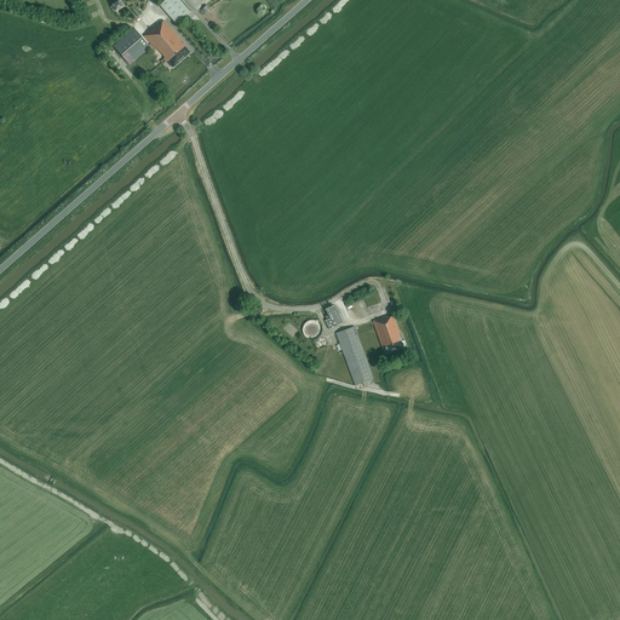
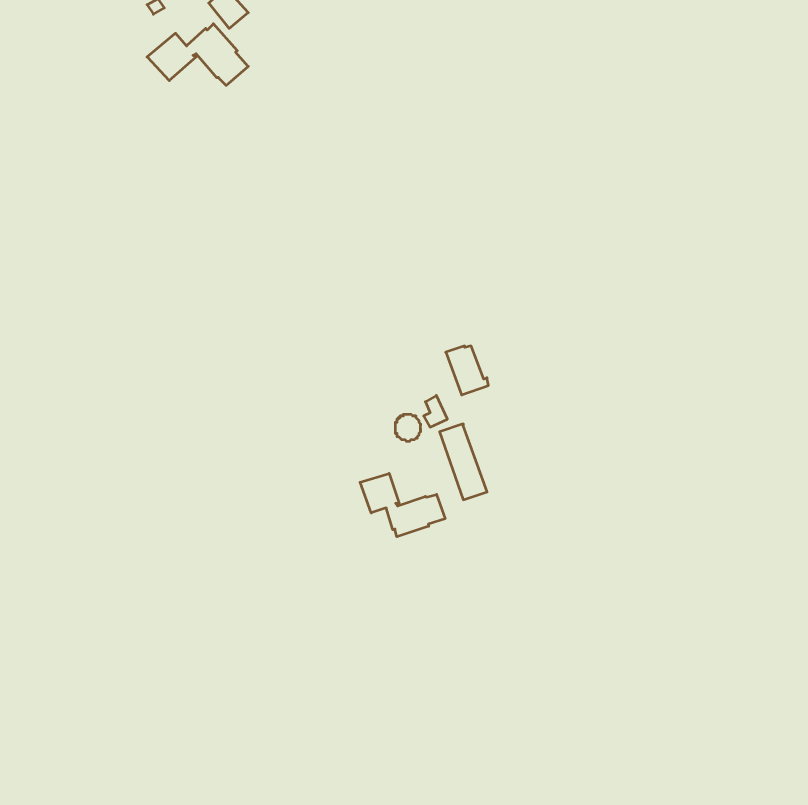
building: [373,314,406,351] -> [446,346,488,395]
building: none -> [360,473,445,537]

